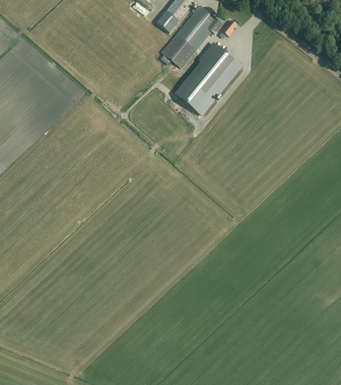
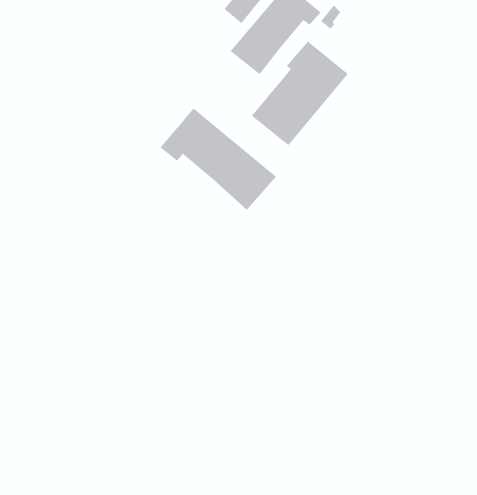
building: none -> [159,108,277,211]

